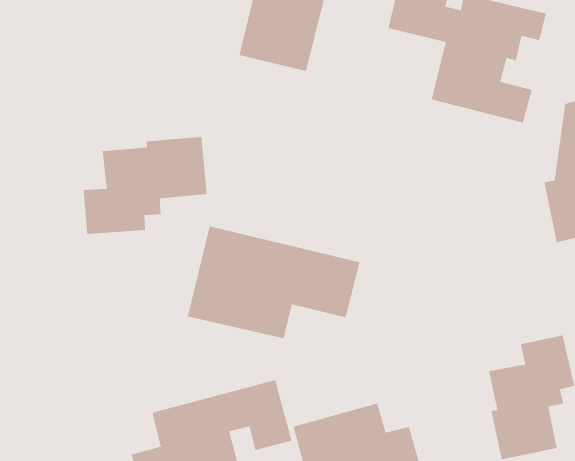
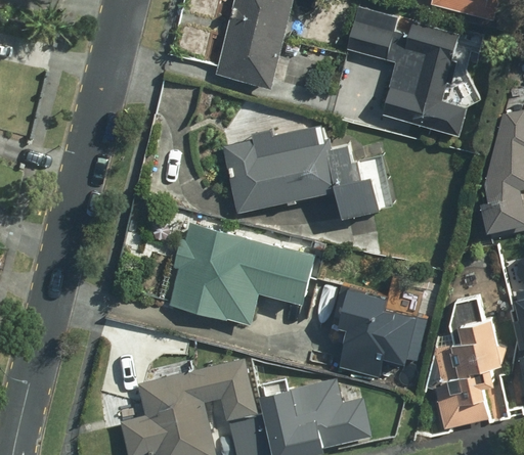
building: none -> [228,126,384,217]
building: [83,136,207,235] -> none
building: none -> [336,289,424,379]

